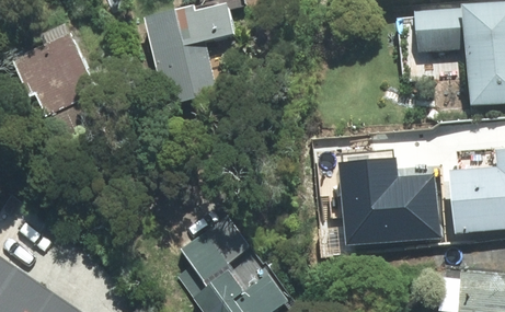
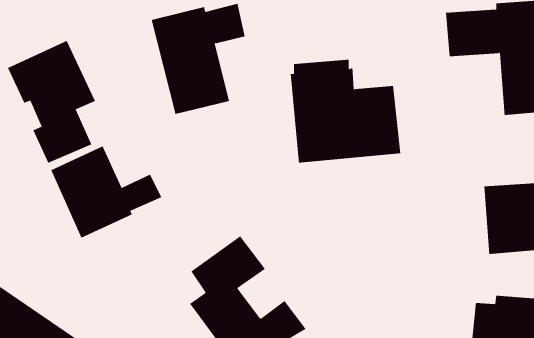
building: none -> [51,145,162,238]
building: [338,150,440,245] -> [290,59,401,163]

